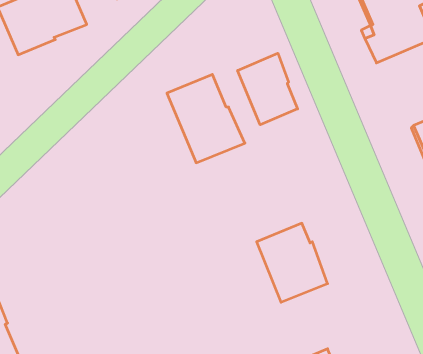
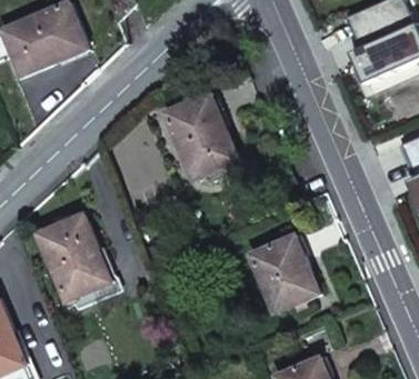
building: [238,53,298,125] -> none
building: none -> [39,215,110,300]

